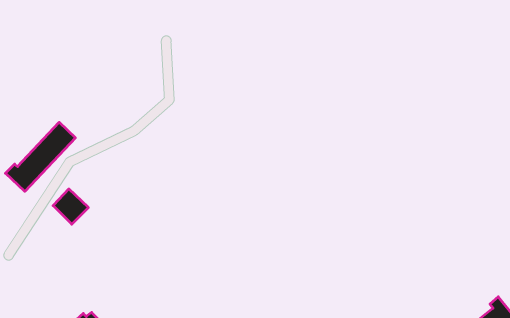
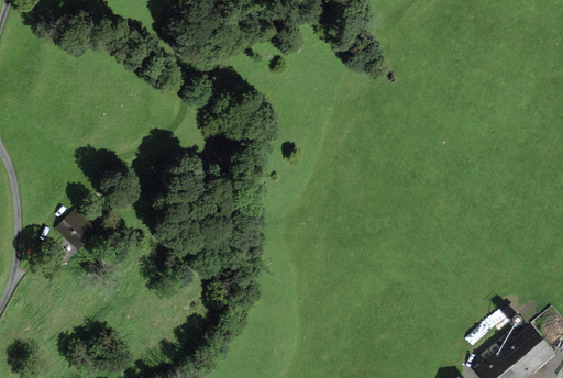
building: [5,122,75,191] -> none

